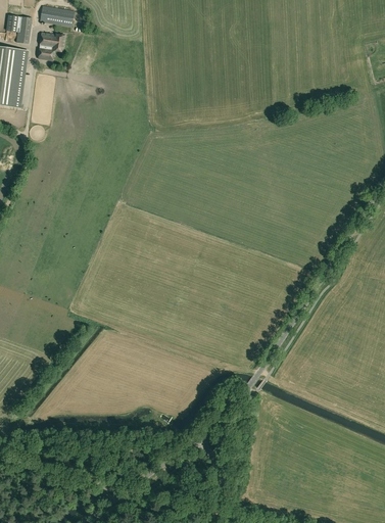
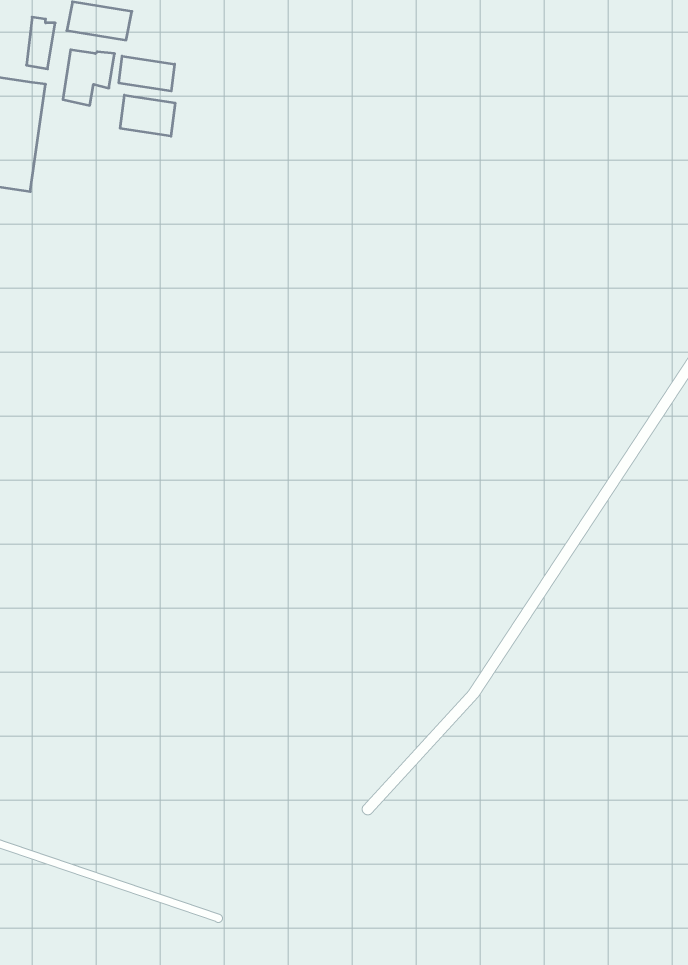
building: none -> [119,56,175,91]
building: none -> [120,95,175,136]

